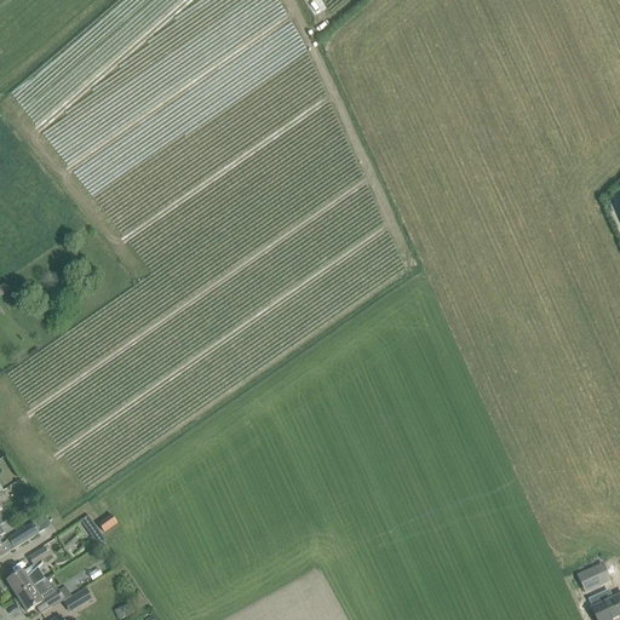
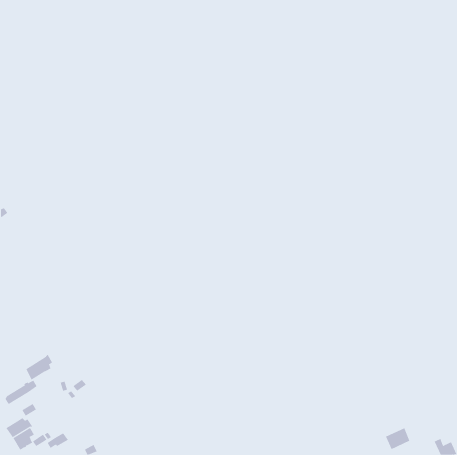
building: none -> [26,354,53,380]
building: [576,561,610,591] -> [385,427,410,450]

